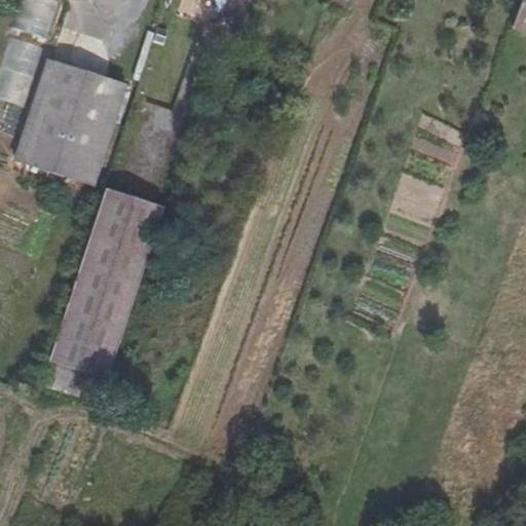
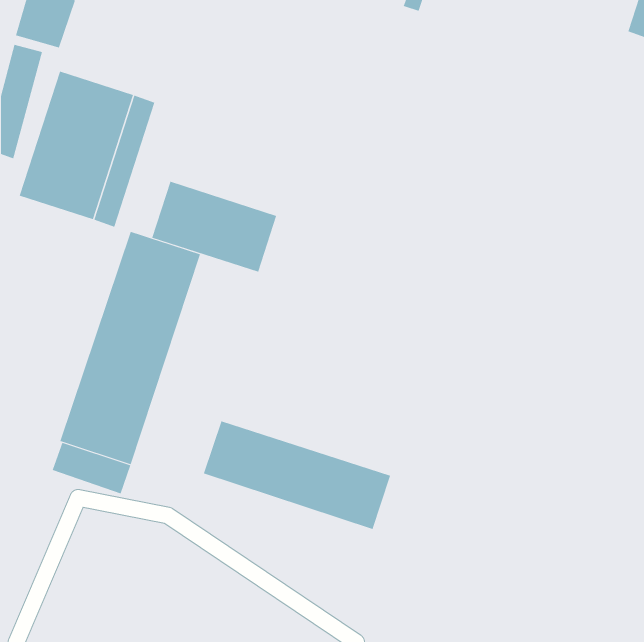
building: none -> [151,181,277,273]
building: none -> [203,421,391,530]

